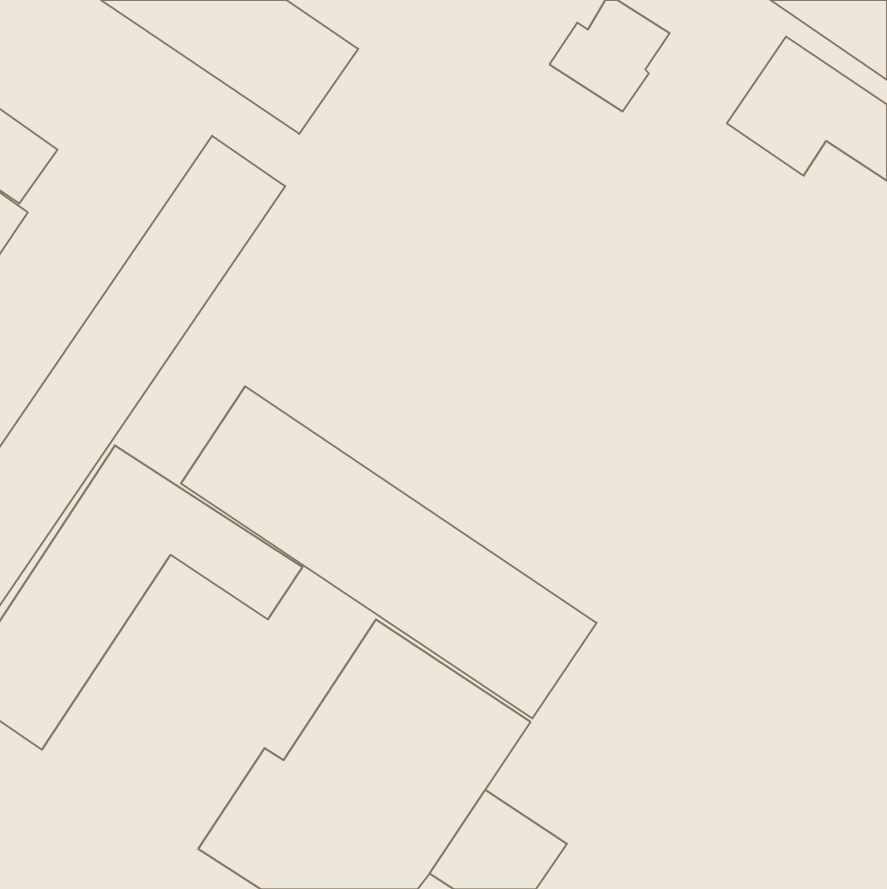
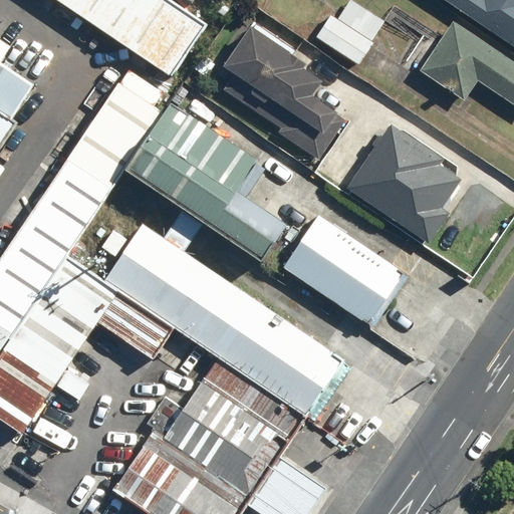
building: none -> [222,25,347,160]
building: none -> [124,102,286,263]
building: none -> [346,124,462,244]
building: none -> [284,215,405,324]

